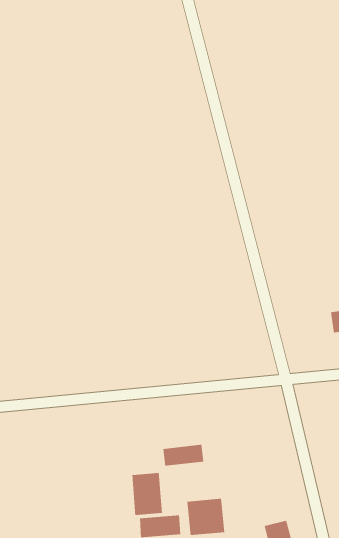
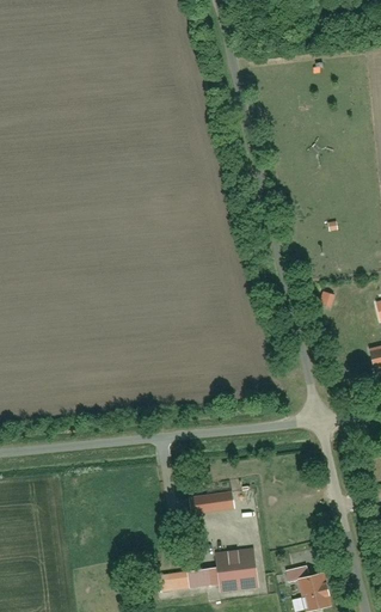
building: [132,472,162,516] -> none

